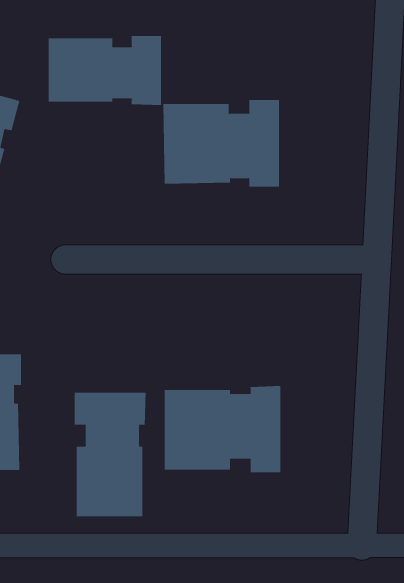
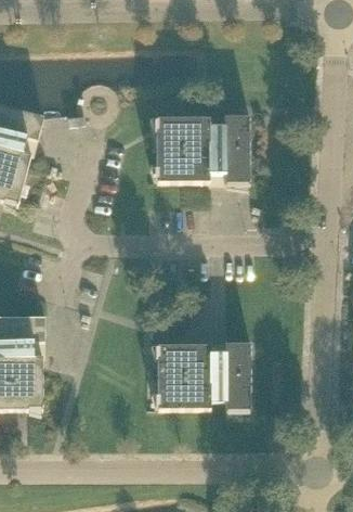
building: [48,35,162,106] -> none
building: [74,392,146,517] -> none

